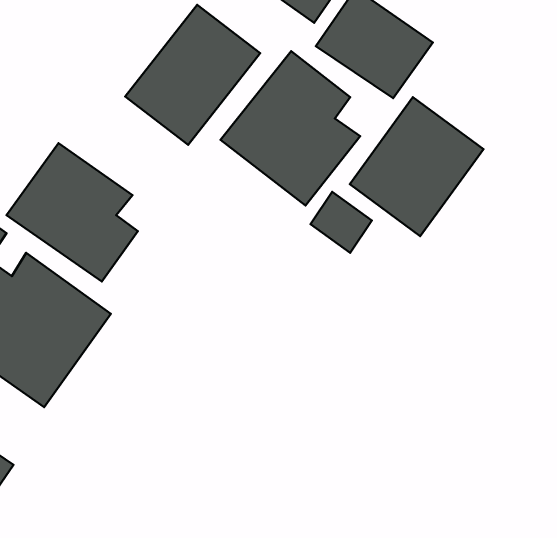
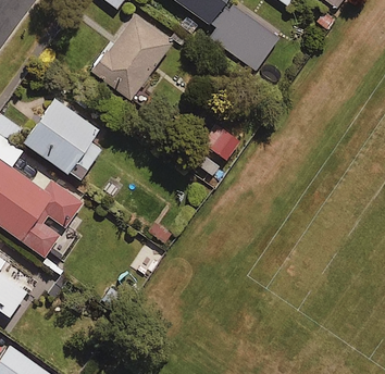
building: [220,51,360,205] -> none
building: [350,97,484,236] -> none

